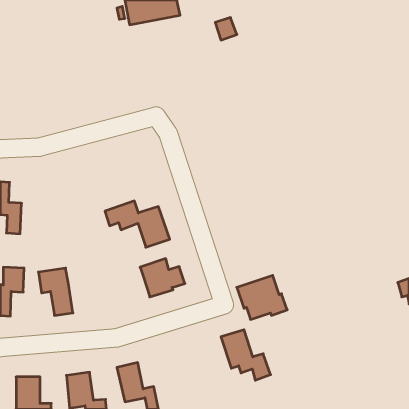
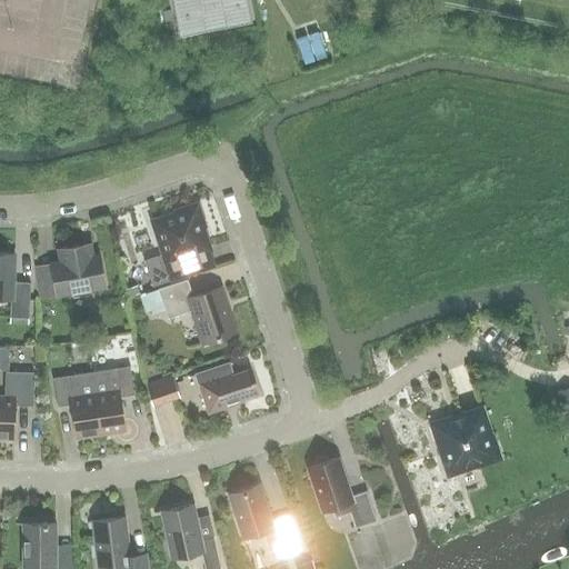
building: none -> [144,206,213,286]
building: none -> [41,243,106,297]
building: none -> [91,366,133,435]
building: none -> [146,376,179,406]
building: [237,275,287,319] -> [430,410,500,471]
building: none -> [228,483,300,559]

